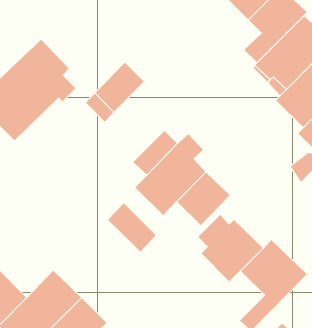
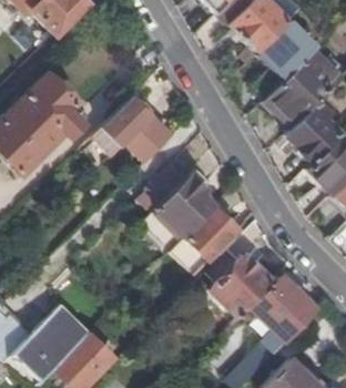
building: none -> [126,115,174,163]
building: [107,203,156,253] -> none

